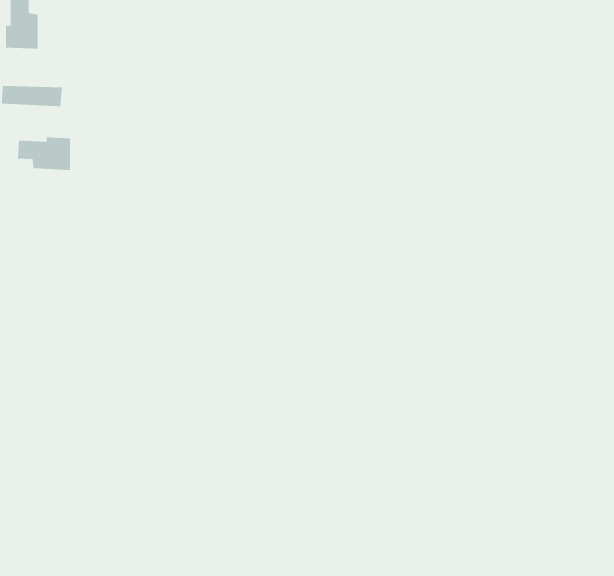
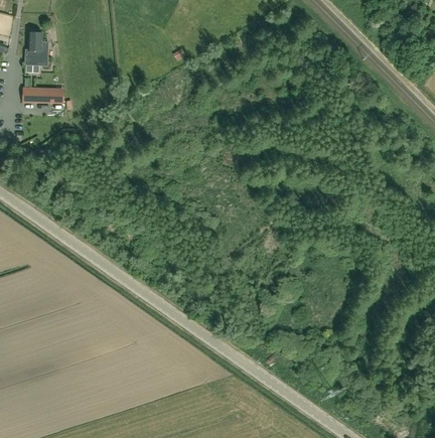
building: [18,137,70,171] -> none

